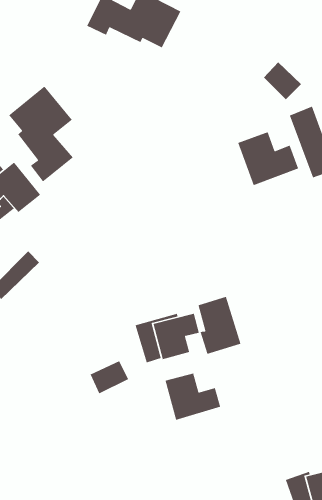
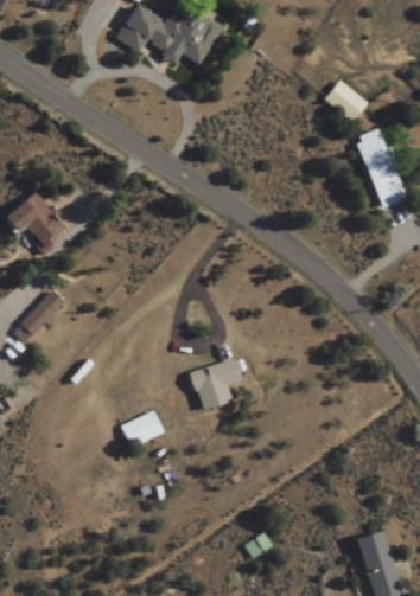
building: [8,85,74,182] -> none
building: [237,131,299,186] -> none
building: [197,296,241,355] -> none
building: [165,373,221,421] -> none

